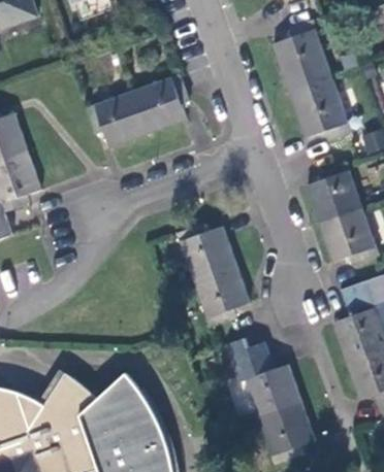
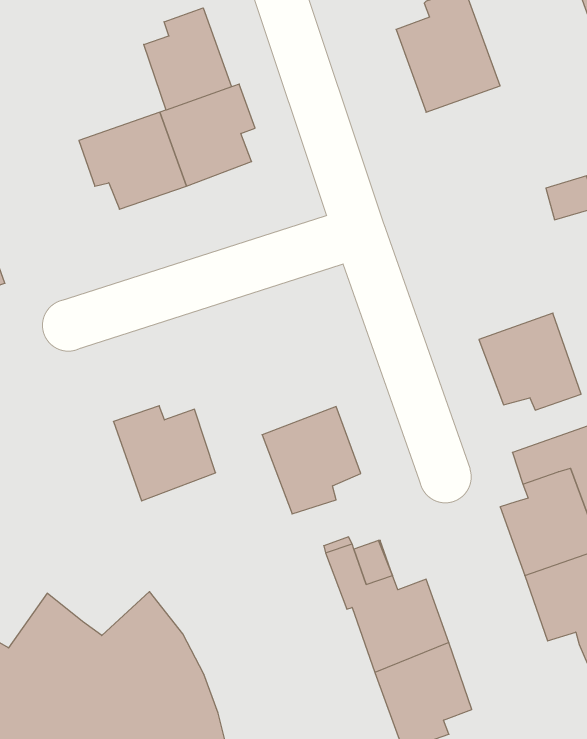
building: none -> [144,8,231,110]
building: [288,75,352,140] -> none
building: [305,162,362,224] -> none
building: [175,224,235,279] -> [113,406,216,501]

